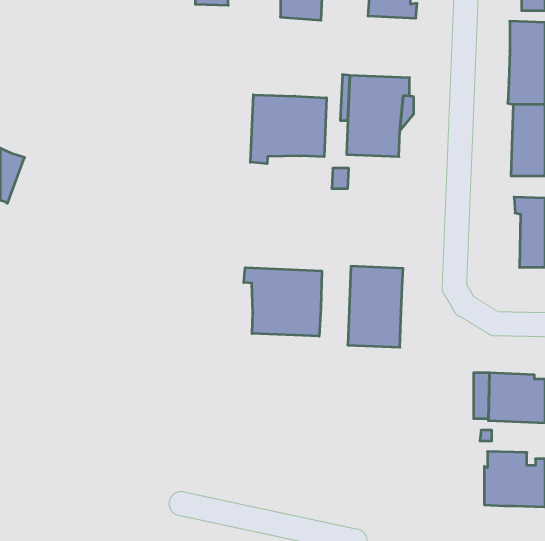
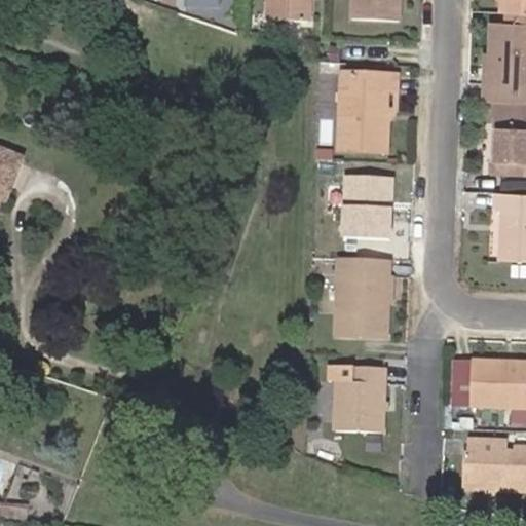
building: [250,95,326,164] -> none
building: none -> [344,177,391,225]
building: [244,268,322,336] -> none
building: none -> [330,368,384,434]

